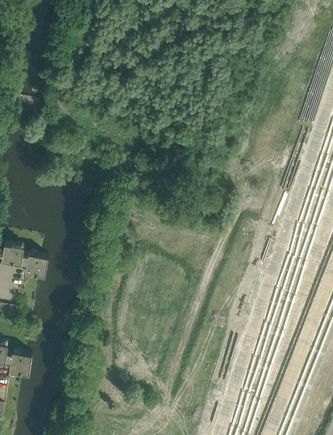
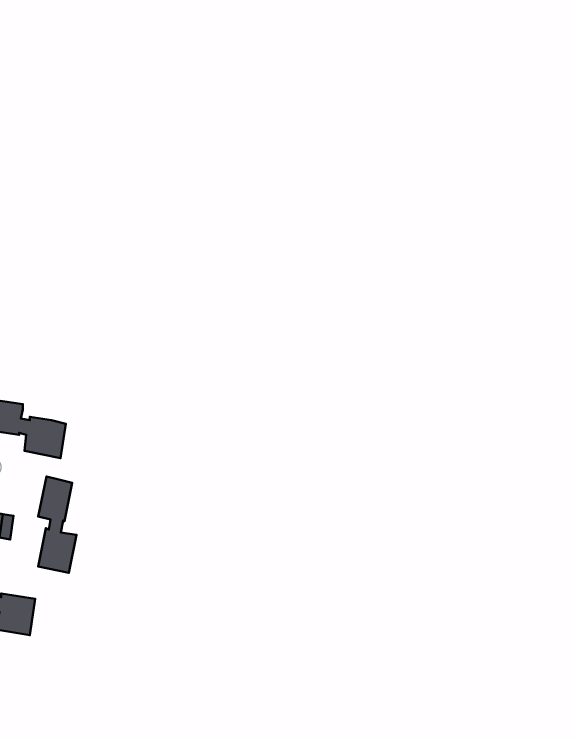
building: none -> [38,476,77,573]

